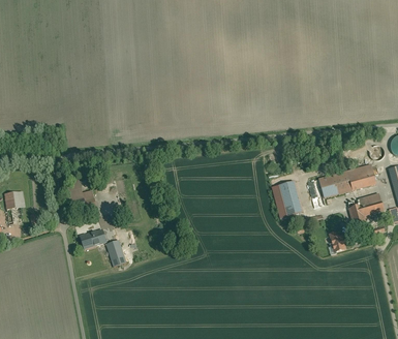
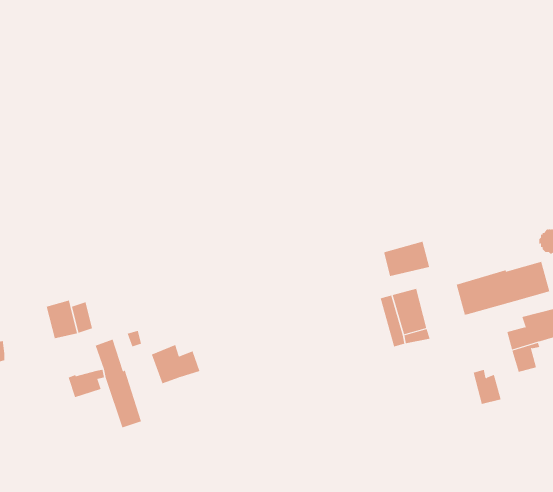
building: none -> [384,241,430,277]
building: none -> [151,344,200,384]

